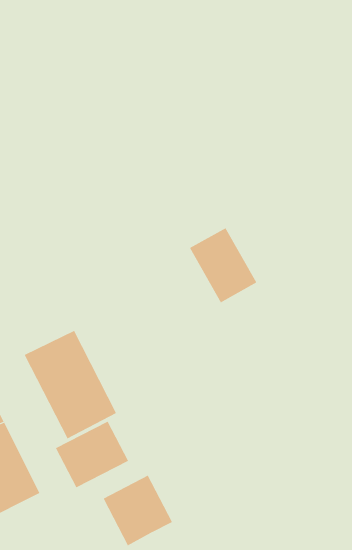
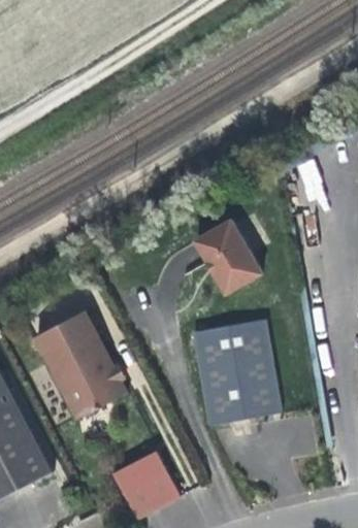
building: none -> [190,318,281,423]
building: [55,421,129,488] -> none

